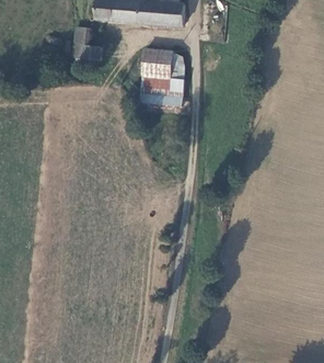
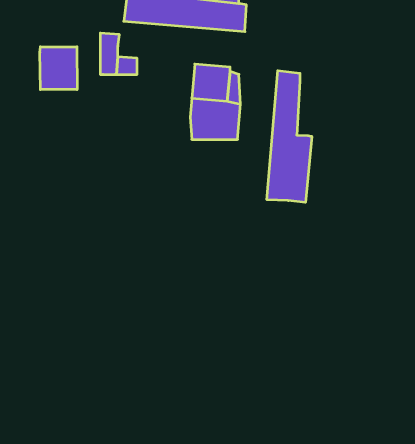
building: none -> [40,47,77,90]
building: none -> [267,71,312,202]

